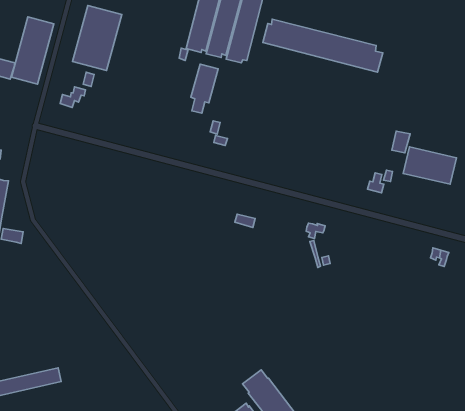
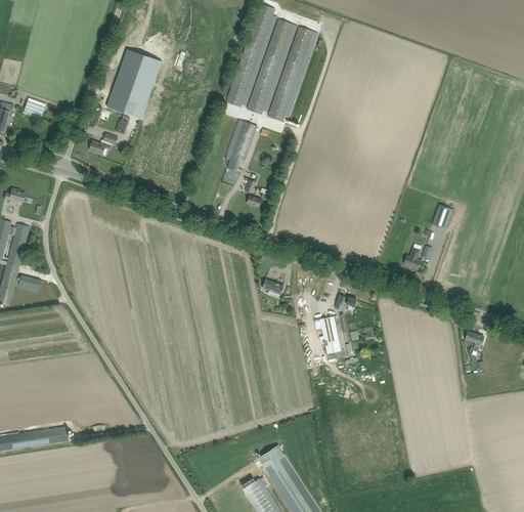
building: [11,17,54,84] -> none
building: [263,19,383,72] -> none
building: [403,147,456,184] -> none
building: none -> [319,316,343,360]

